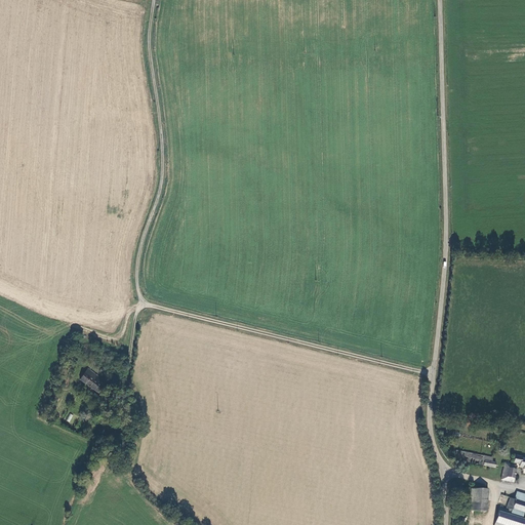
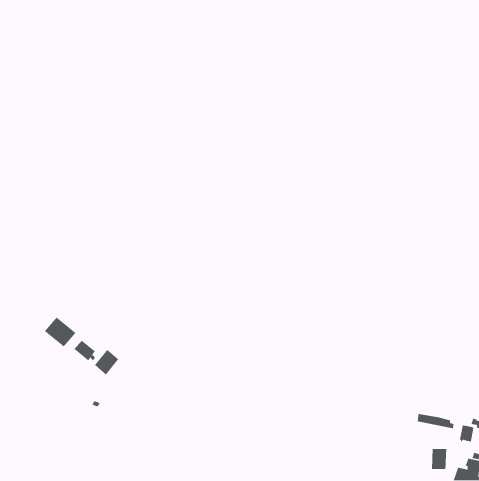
building: none -> [44,317,77,347]
building: none -> [94,349,119,376]

